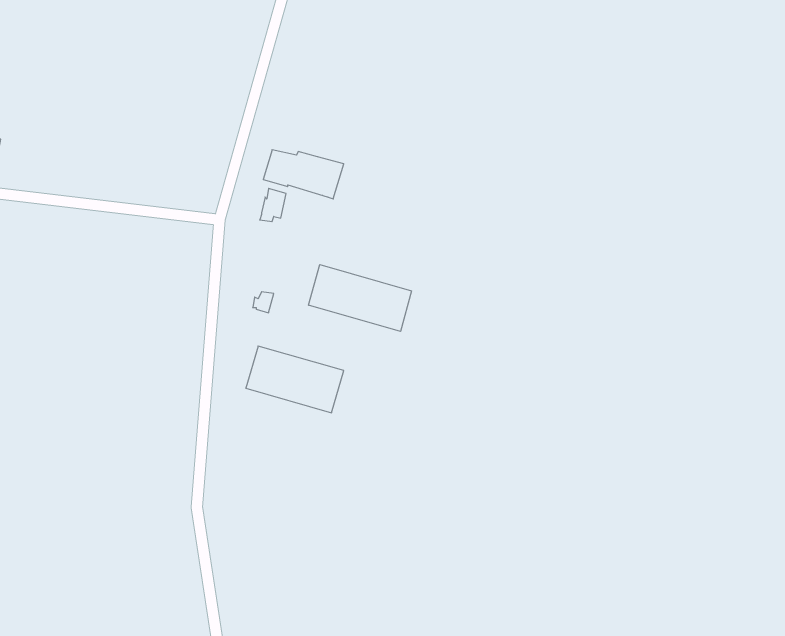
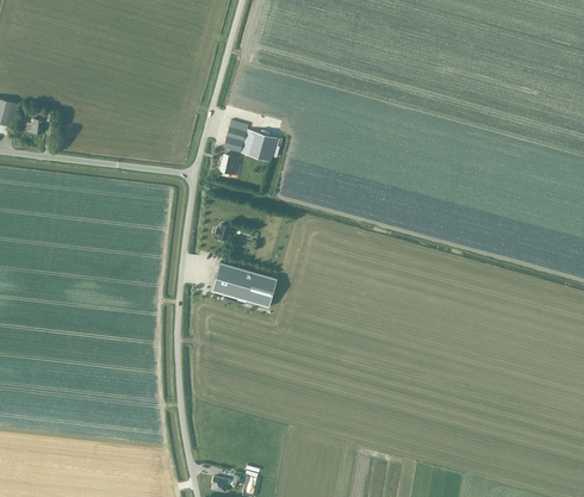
building: [309,265,412,331] -> none

